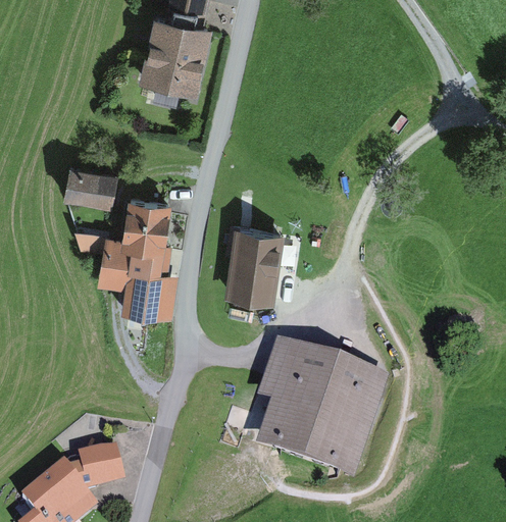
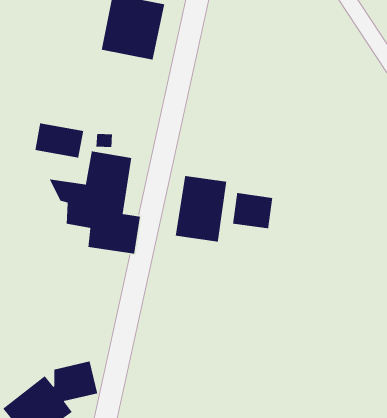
building: none -> [232,192,273,229]
building: [257,337,394,482] -> none

